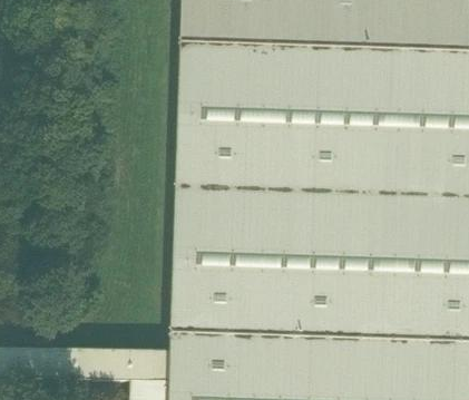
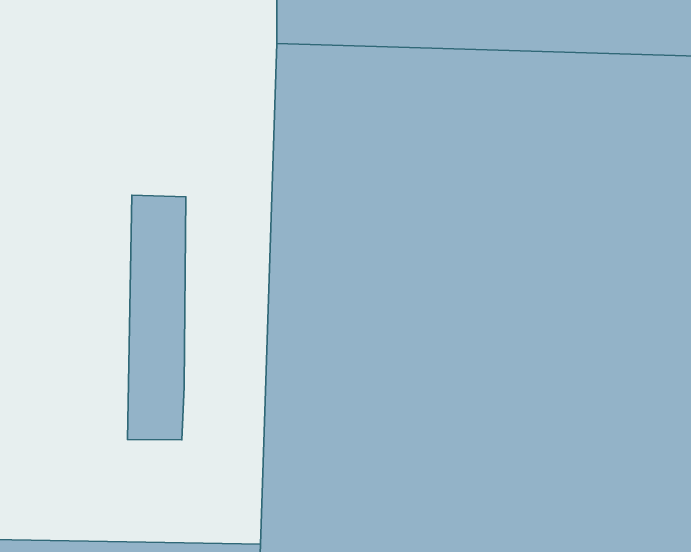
building: none -> [128,195,186,440]

